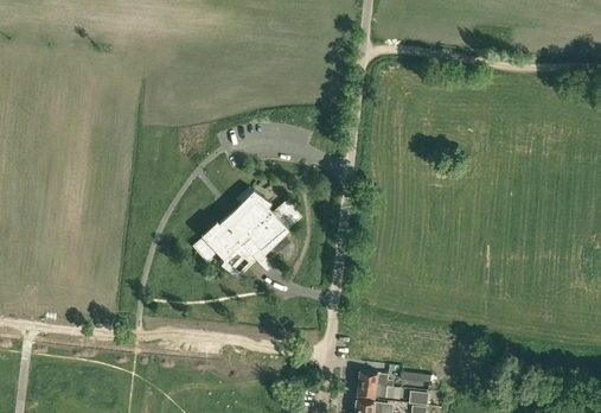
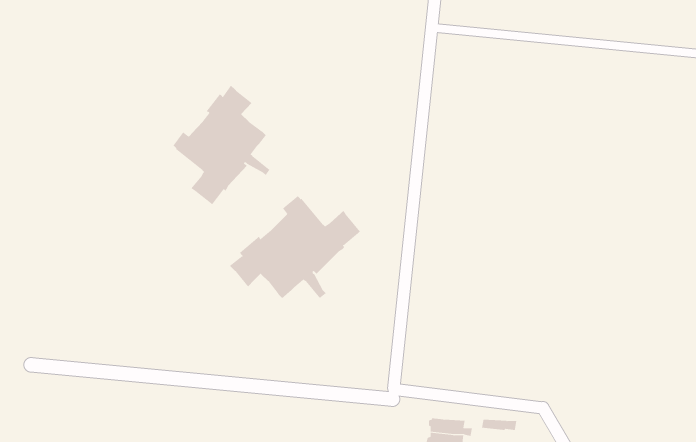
building: none -> [173,85,270,205]

